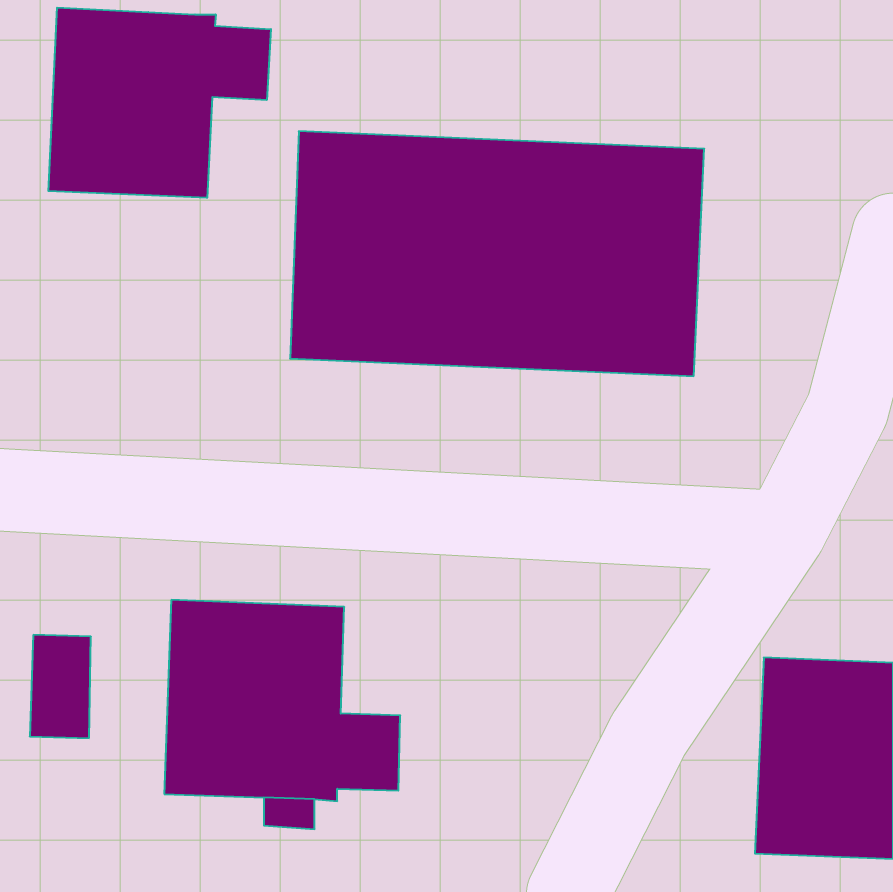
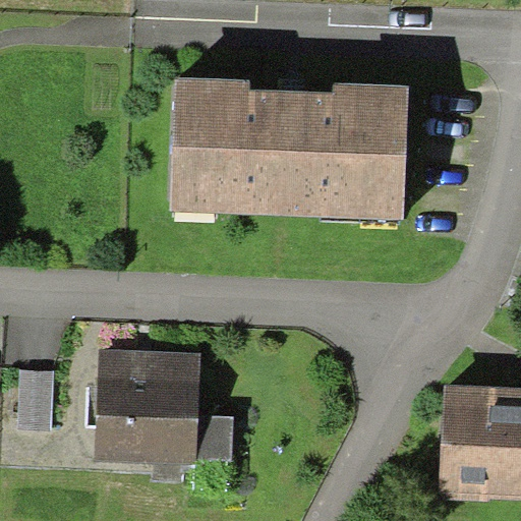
building: [48,8,271,198] -> none

